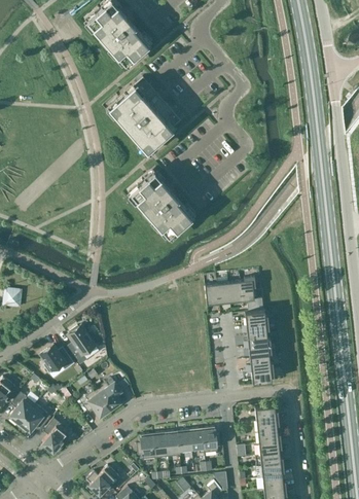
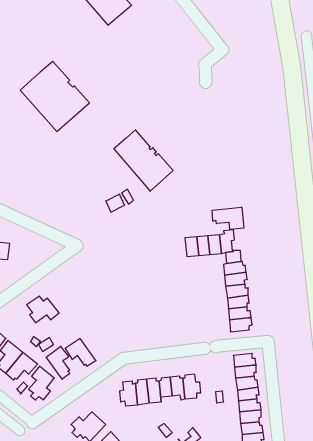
building: [109,77,181,150] -> [20,61,89,132]
building: none -> [212,207,244,229]
building: [68,326,95,364] -> none
building: [96,379,120,413] -> [46,346,70,379]

